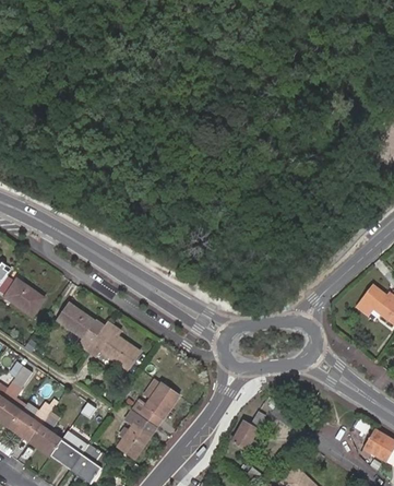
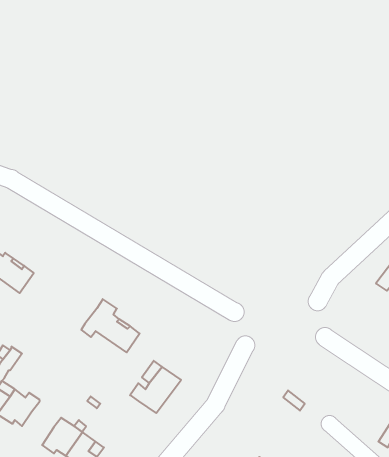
building: [56,303,102,345] -> none
building: [118,410,156,459] -> none
building: [231,411,265,449] -> none
building: [33,416,62,457] -> none

